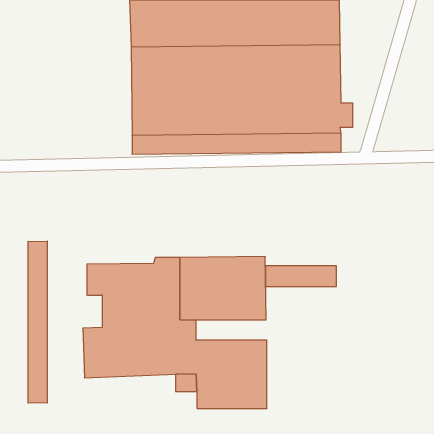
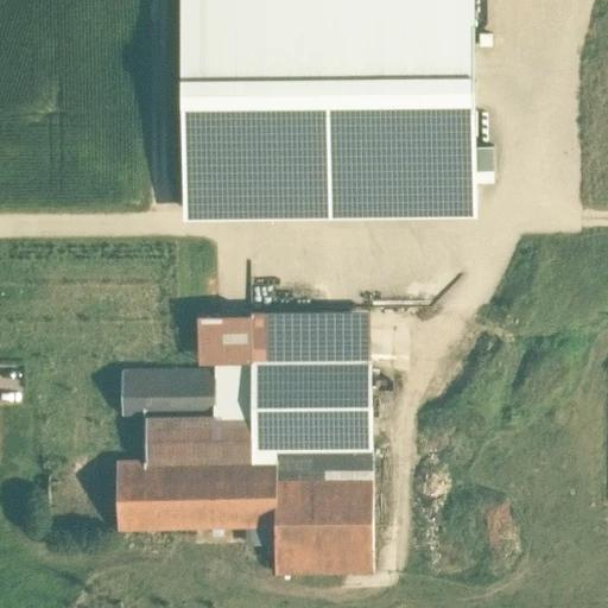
building: none -> [196,311,369,361]
building: [28,241,47,403] -> none
building: [266,266,336,286] -> [273,448,372,476]

